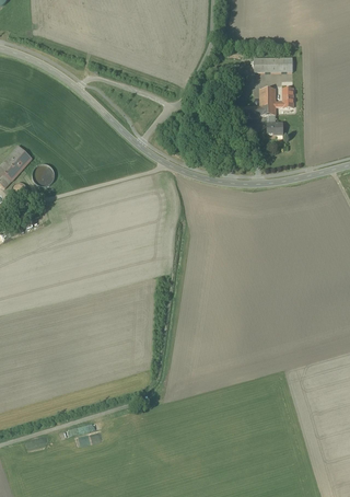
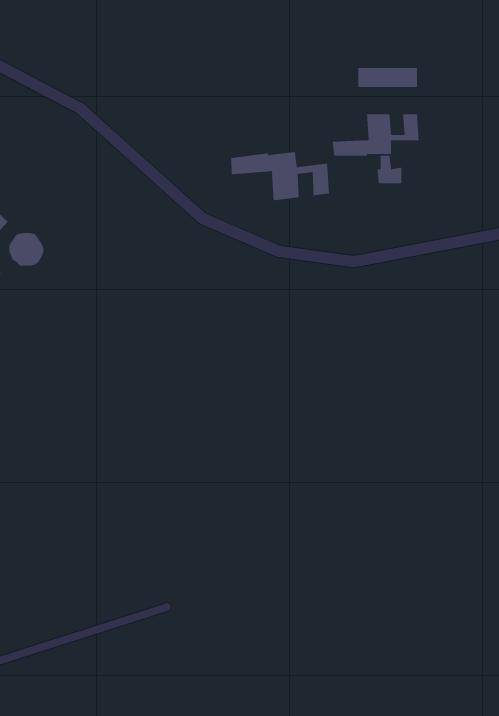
building: none -> [231,151,330,201]

